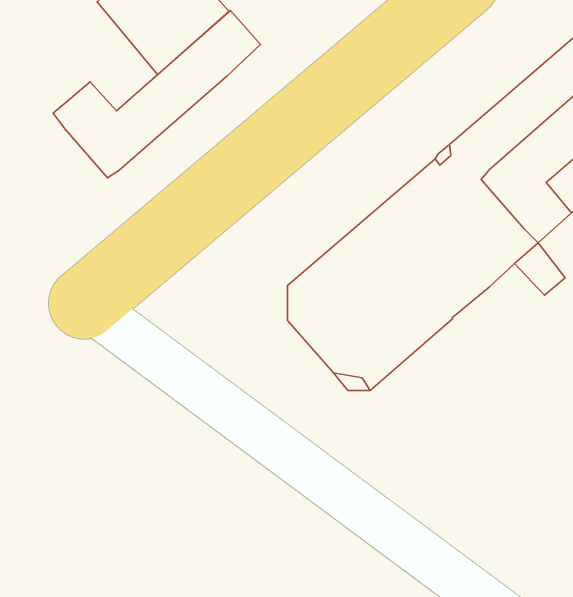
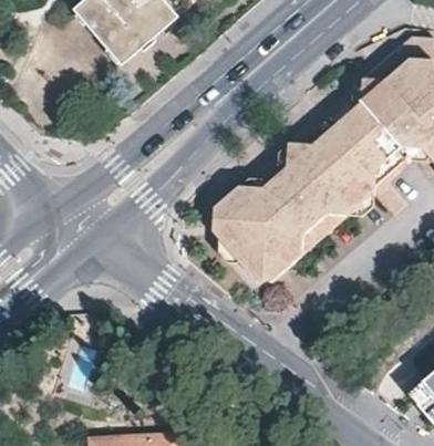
building: [53,10,261,178] -> none

